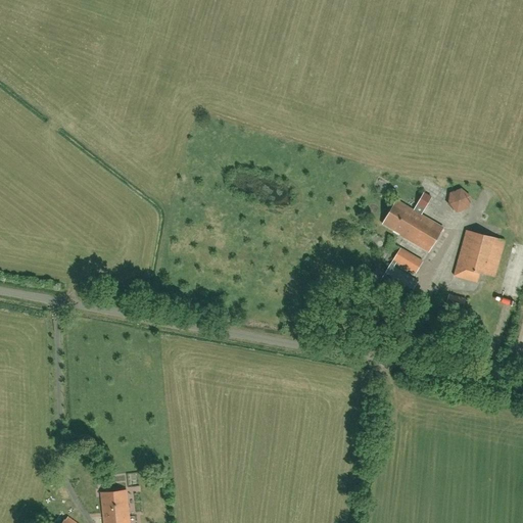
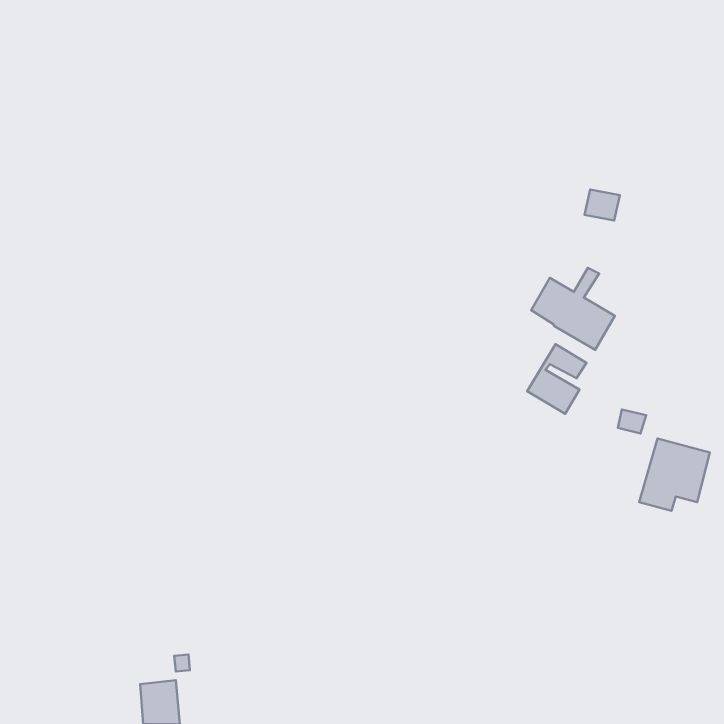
building: [445,188,471,210] -> [584,189,620,221]
building: [454,231,505,283] -> [639,438,710,511]

